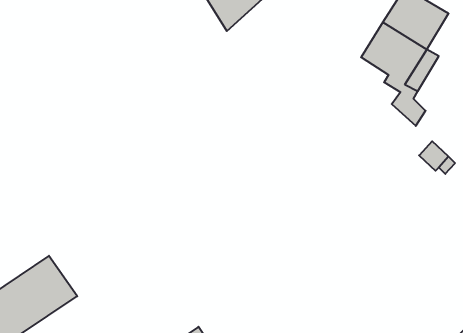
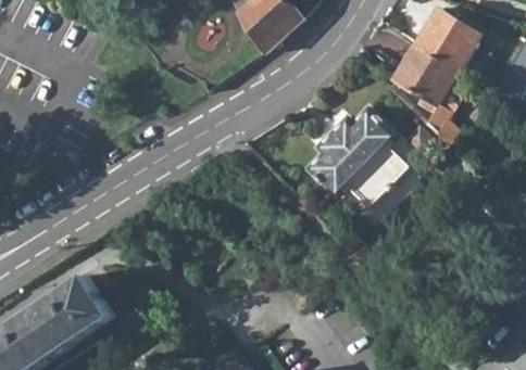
building: none -> [306,107,409,210]

